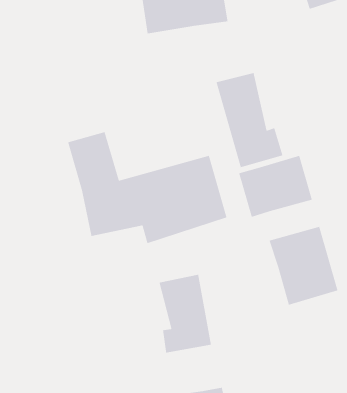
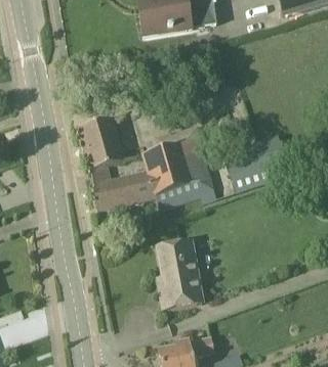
building: [216,72,284,168] -> none
building: [269,226,339,308] -> none

